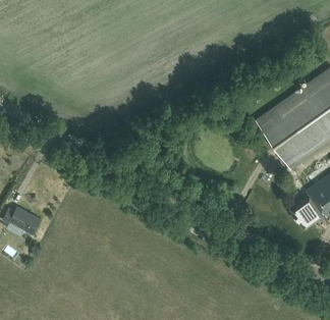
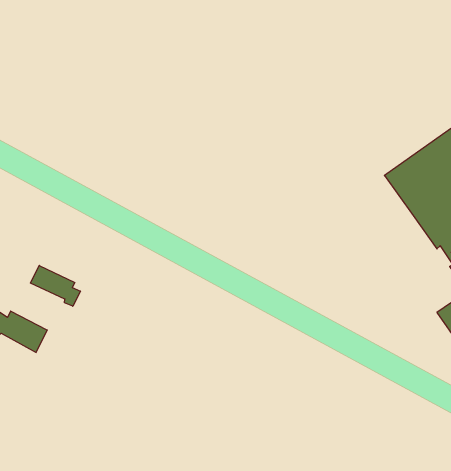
building: none -> [30,265,80,306]

